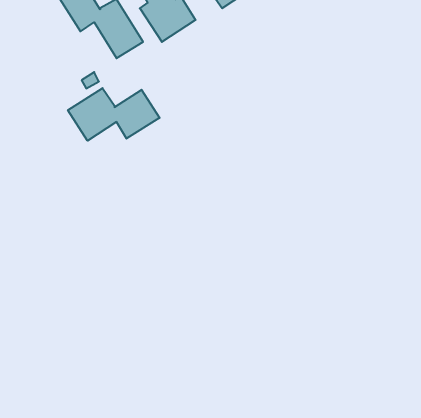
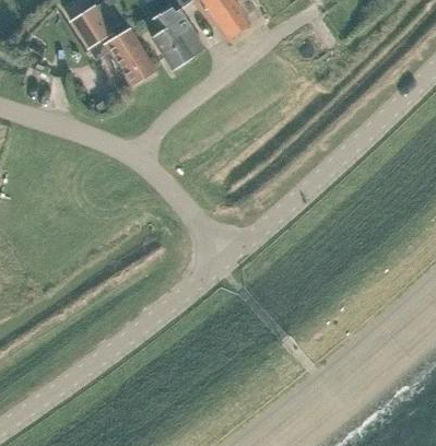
building: [68,88,160,141] -> none

